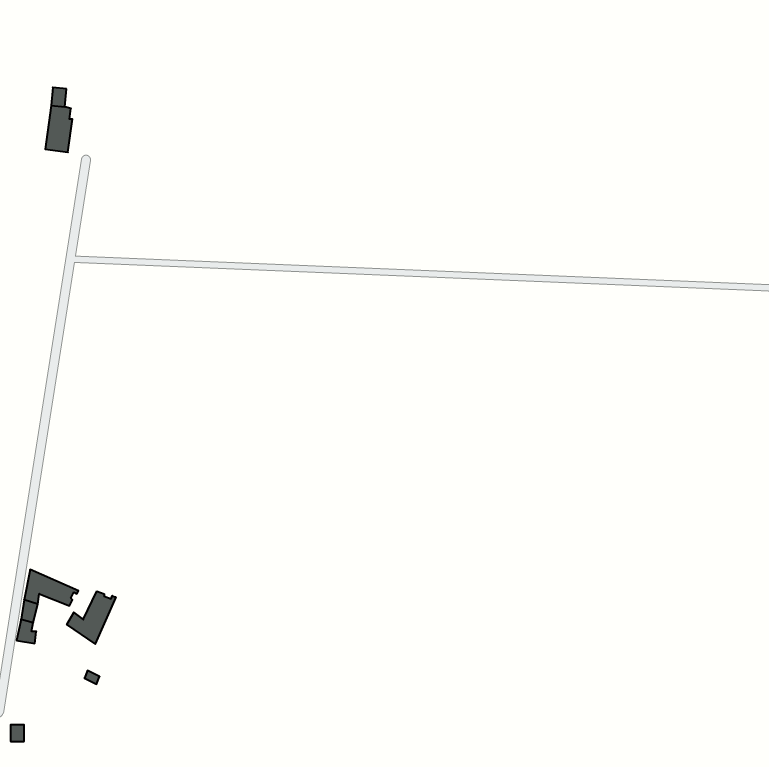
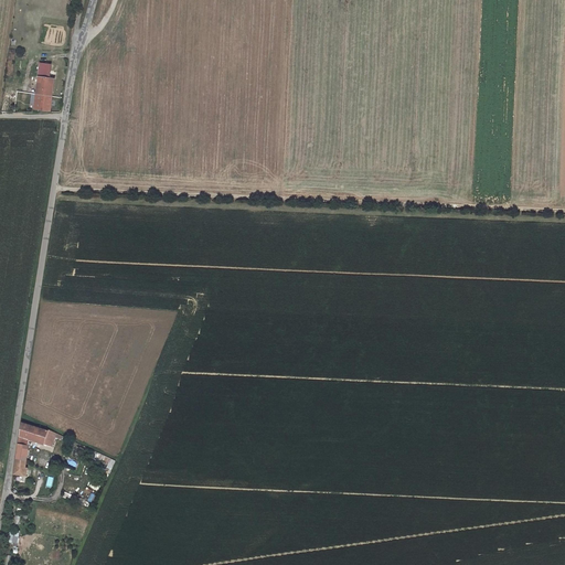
building: [67,591,116,644] -> none

